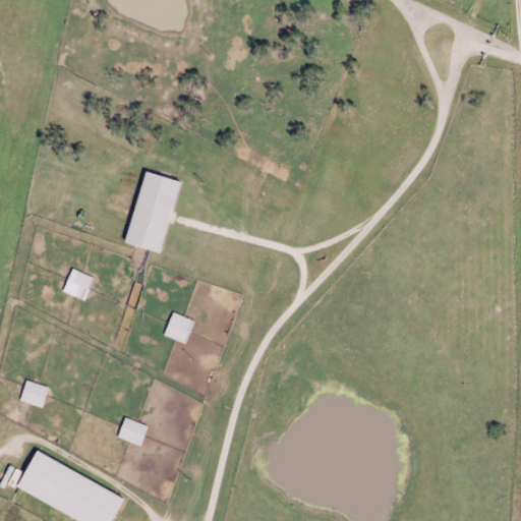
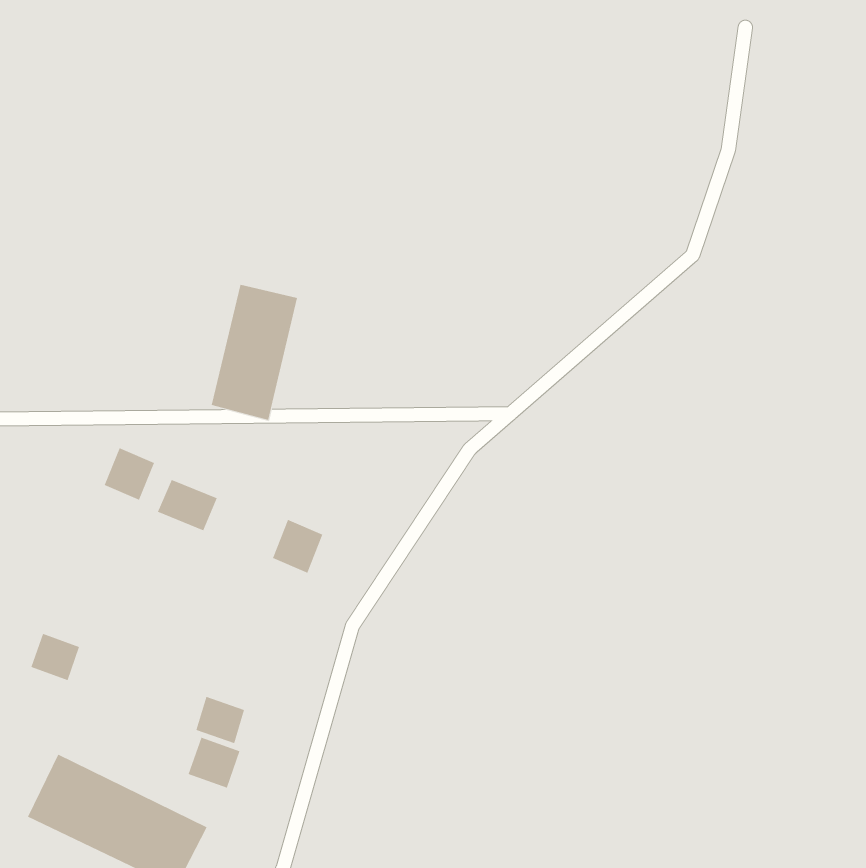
building: none -> [157,479,218,531]
building: none -> [188,737,240,789]

